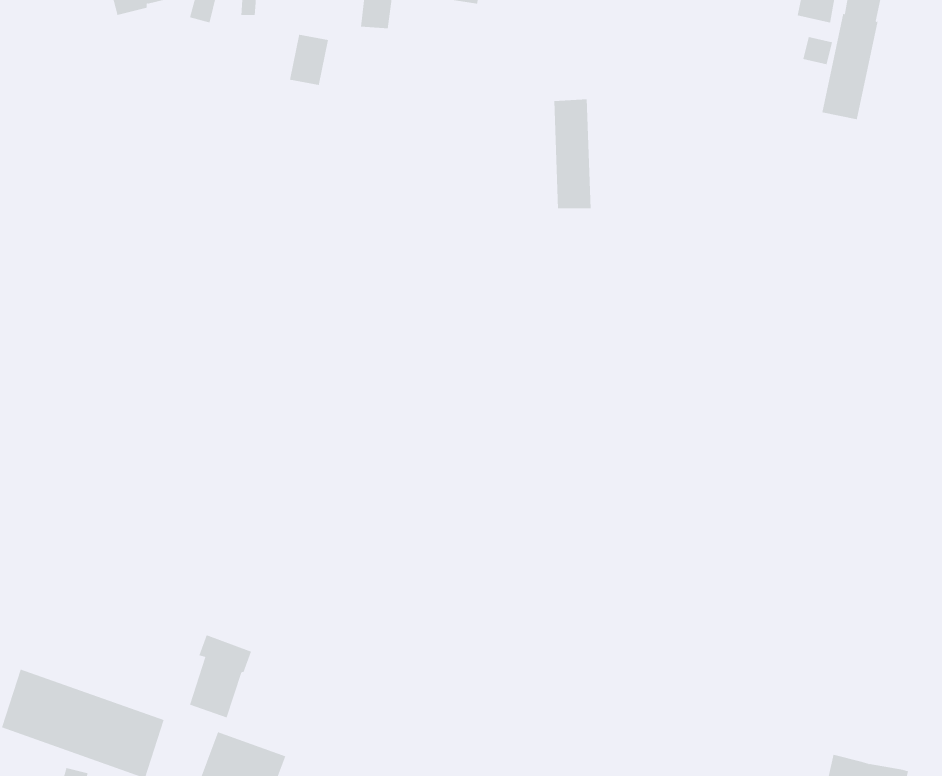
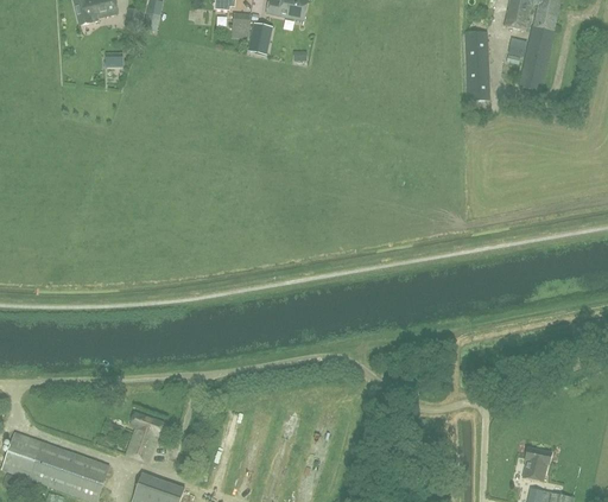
building: [289,34,329,86] -> [247,21,272,53]
building: [553,99,591,209] -> [464,30,488,99]
building: none -> [521,445,550,479]

